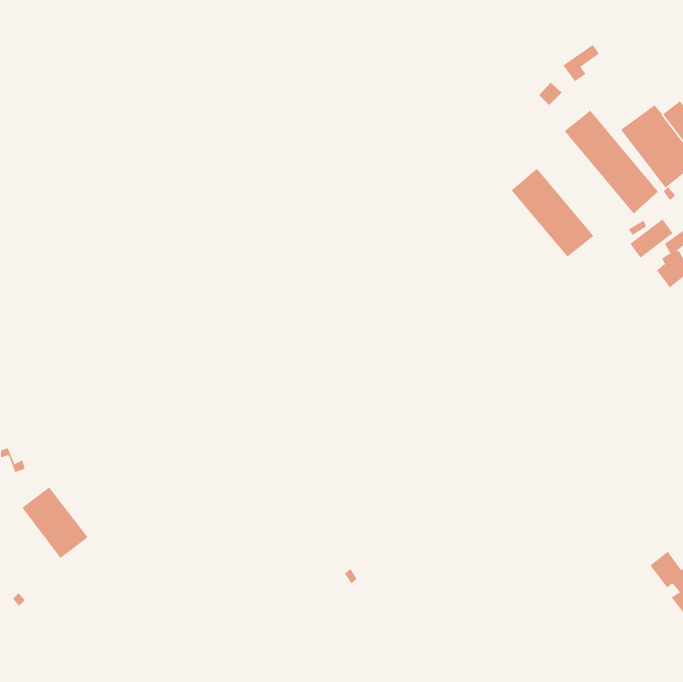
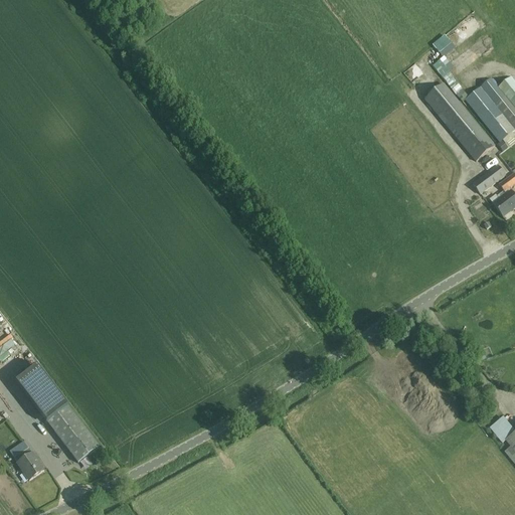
building: [511,168,594,257] -> none
building: none -> [46,403,100,468]
building: none -> [15,448,45,480]

